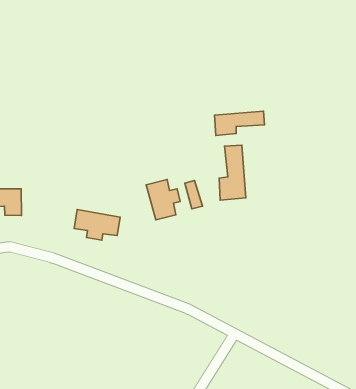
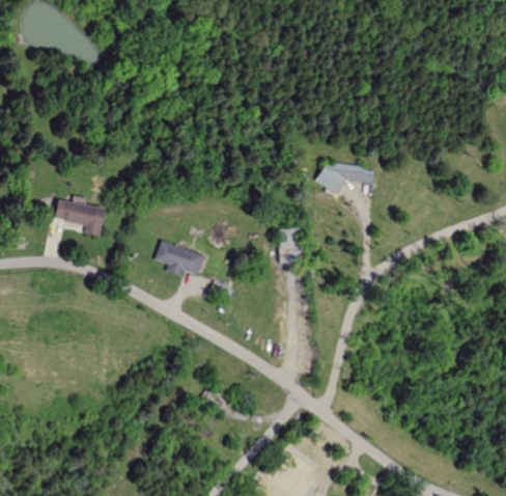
building: [219,145,246,200] -> none
building: [146,180,180,220] -> none

